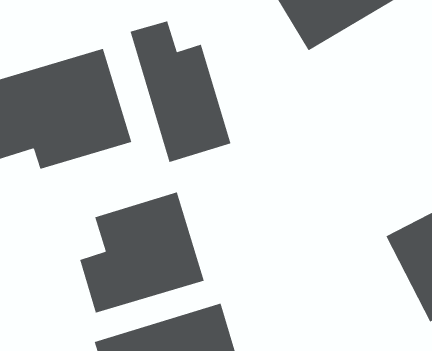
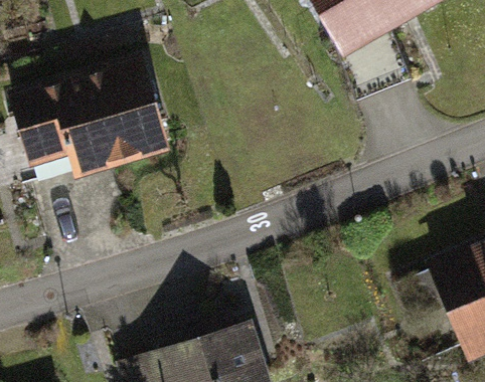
building: [130,20,231,163] -> none
building: [79,192,204,314] -> none

